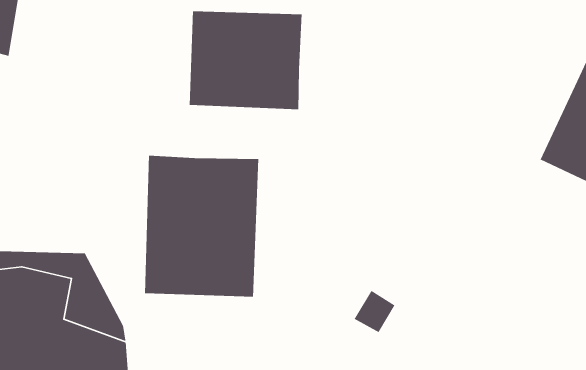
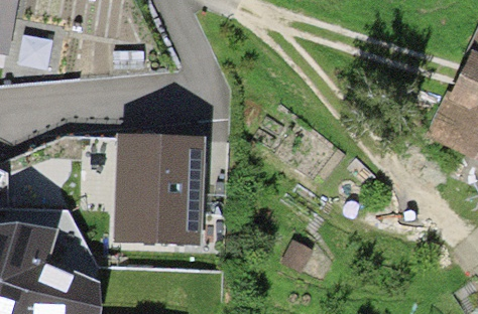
building: [189,10,303,110] -> none

